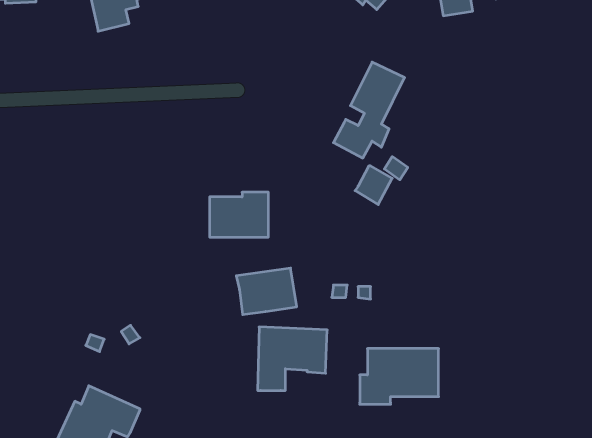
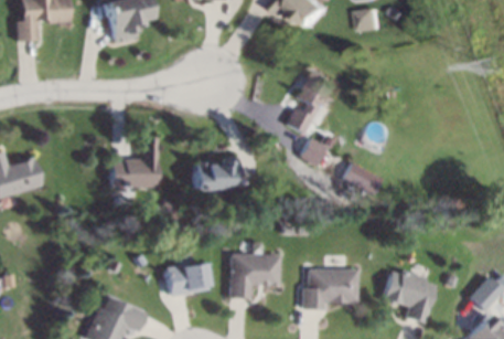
building: none -> [111,137,158,189]
building: none -> [343,162,382,197]
building: [236,268,297,315] -> [163,263,206,296]
building: none -> [383,269,436,324]

